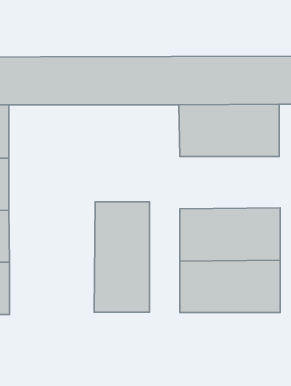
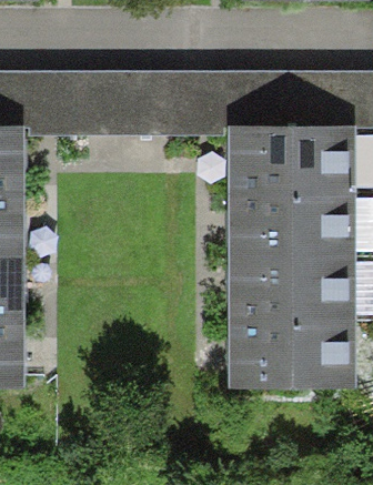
building: none -> [231,193,352,256]
building: [94,202,150,312] -> none

